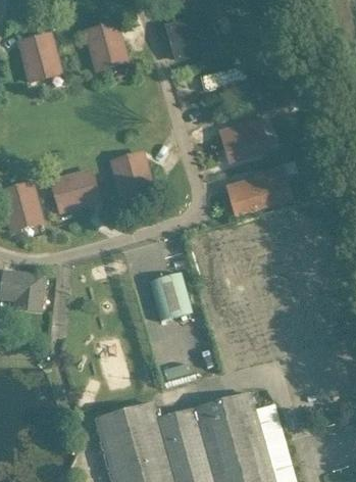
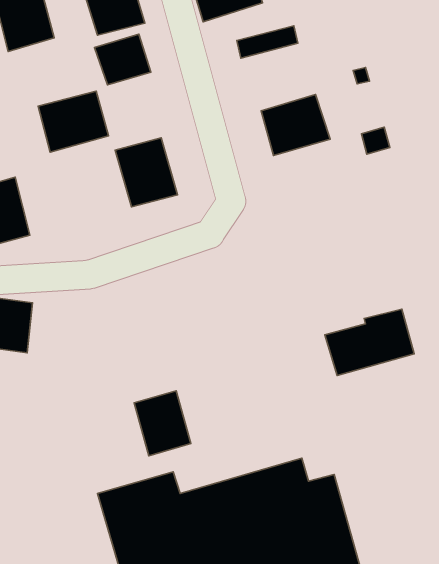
building: none -> [95,34,151,85]
building: [224,165,292,215] -> [325,309,414,375]
building: [48,168,101,214] -> [38,91,108,152]
building: [149,272,192,321] -> [134,391,191,456]

